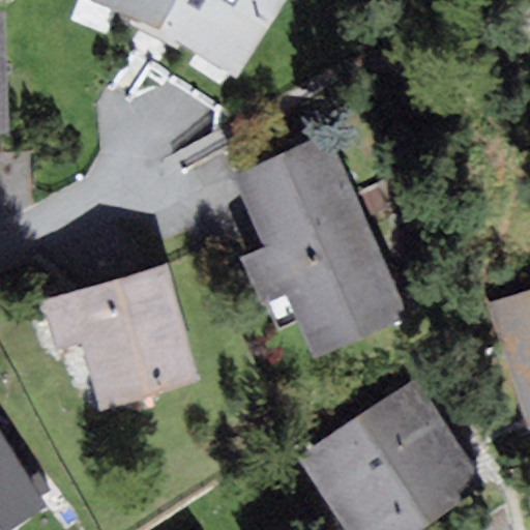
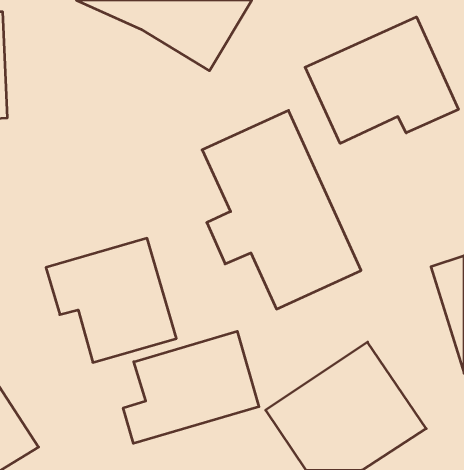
building: none -> [305,17,458,143]
building: none -> [123,331,259,443]

